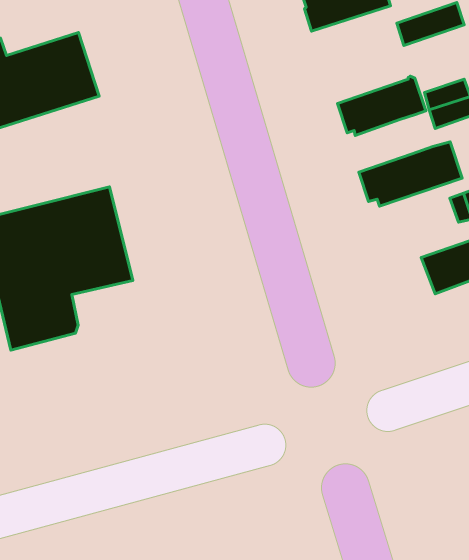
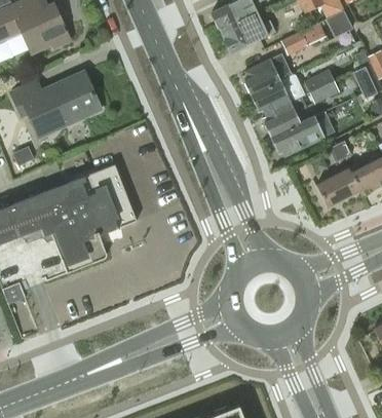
building: none -> [241,53,293,96]
building: none -> [261,97,306,137]

